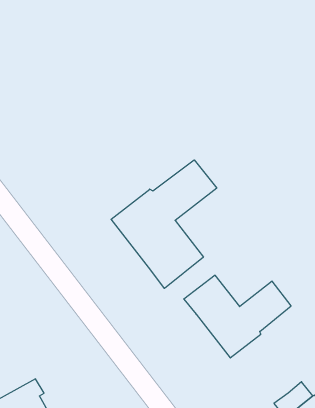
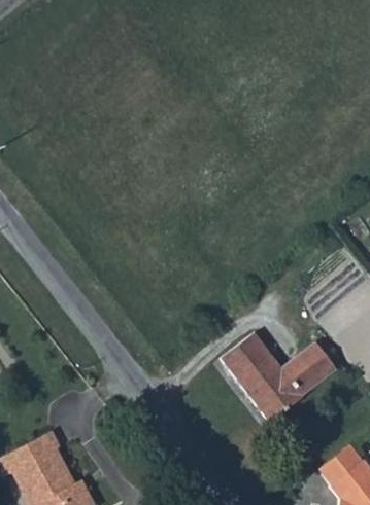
building: [111,160,217,288] -> none

